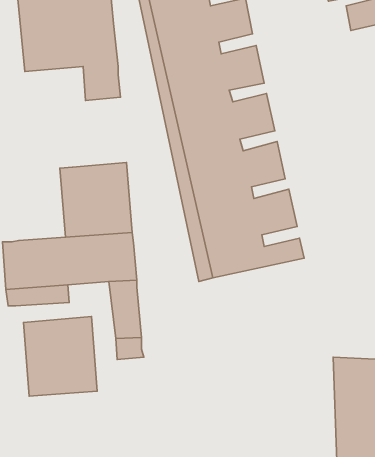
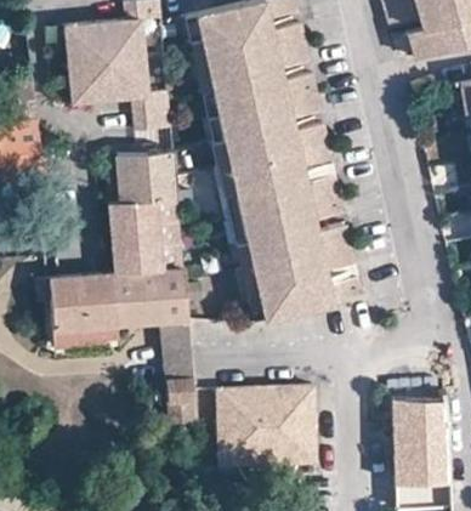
building: none -> [118,151,177,200]
building: [24,317,97,396] -> none
building: none -> [217,385,317,464]

